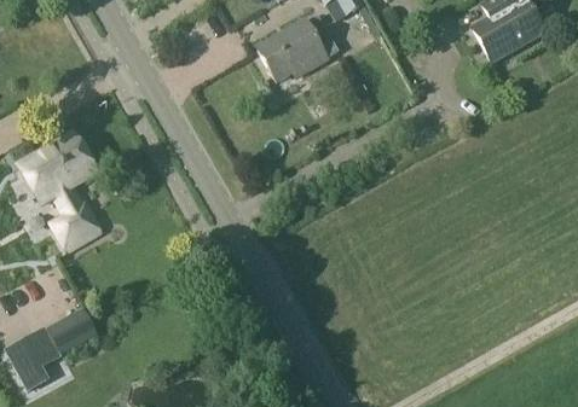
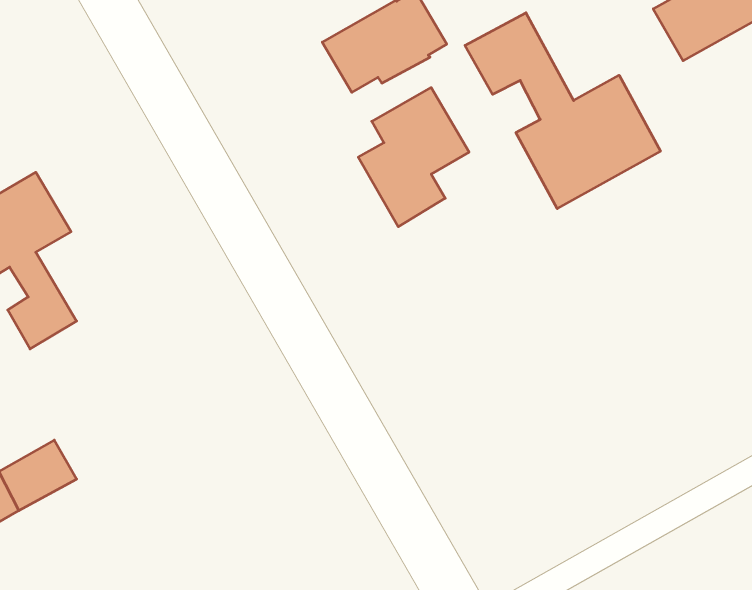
building: none -> [465,13,660,209]
building: none -> [358,88,469,227]

